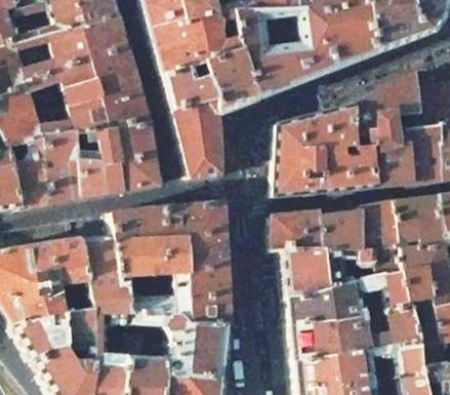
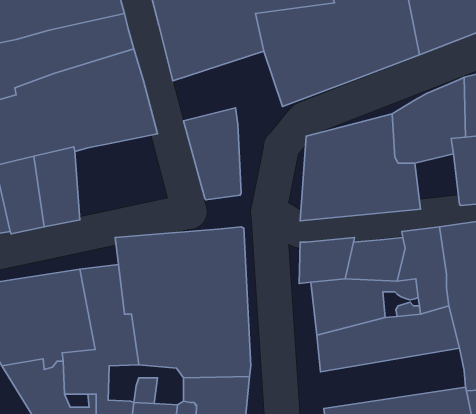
building: [162,48,257,112] -> none
building: [77,120,160,195] -> none
building: [372,137,411,186] -> none
building: [290,307,416,359] -> none

